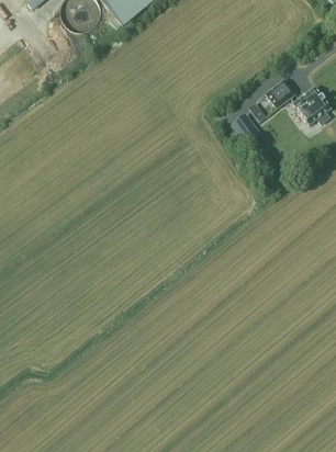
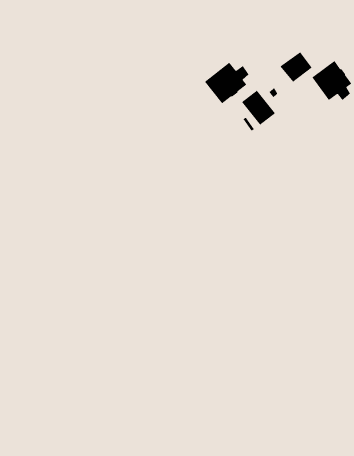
building: none -> [204,62,249,104]

